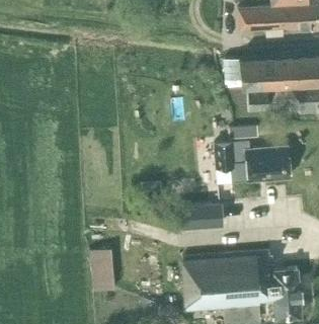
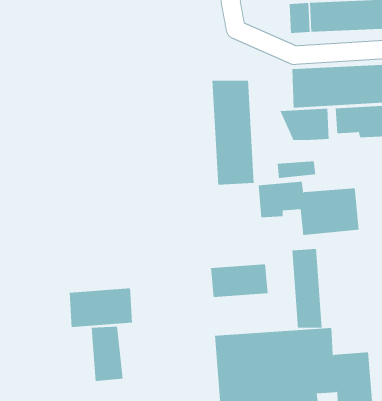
building: none -> [212,80,254,185]
building: none -> [292,248,322,329]
building: none -> [69,288,133,328]

